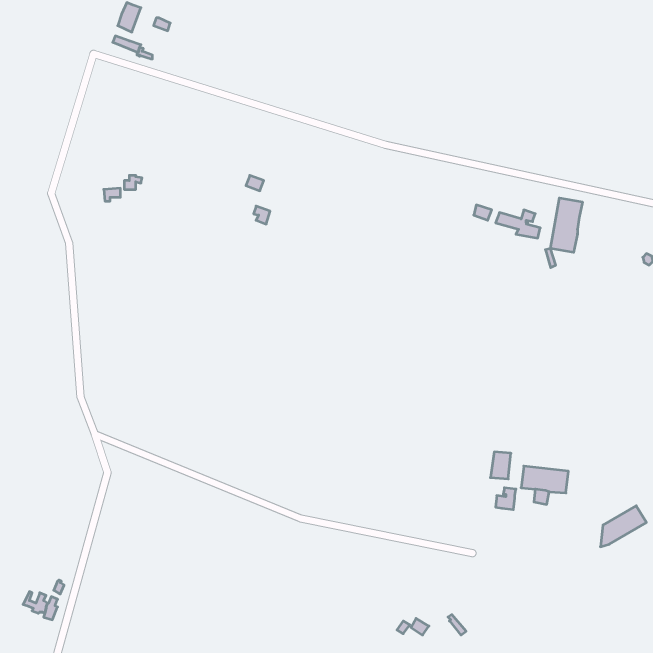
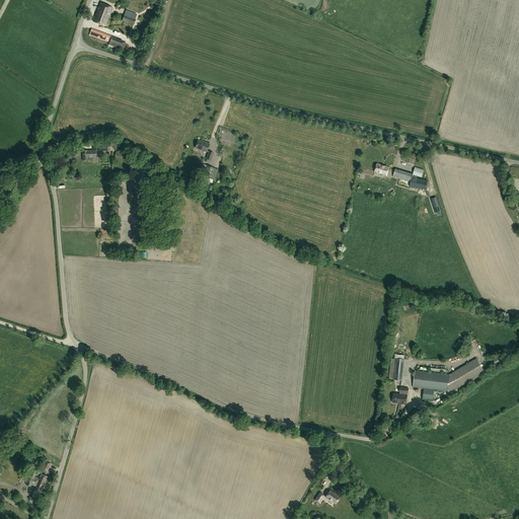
building: [551,198,582,252] -> none
building: [600,506,646,547] -> [449,358,486,390]

